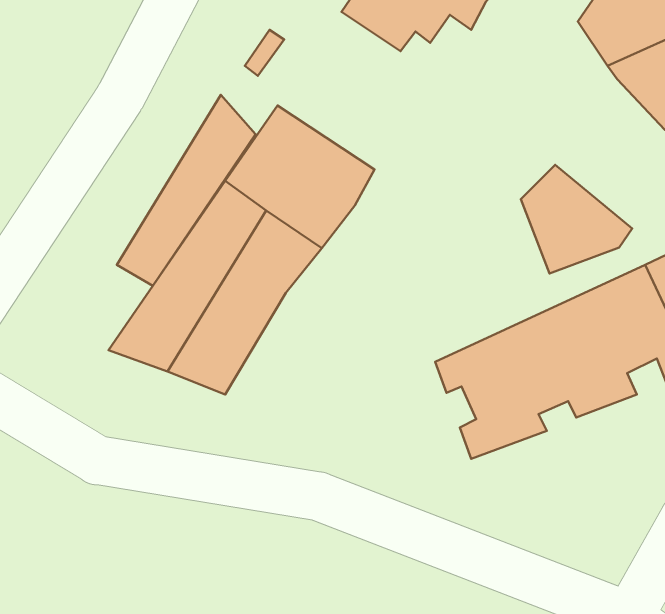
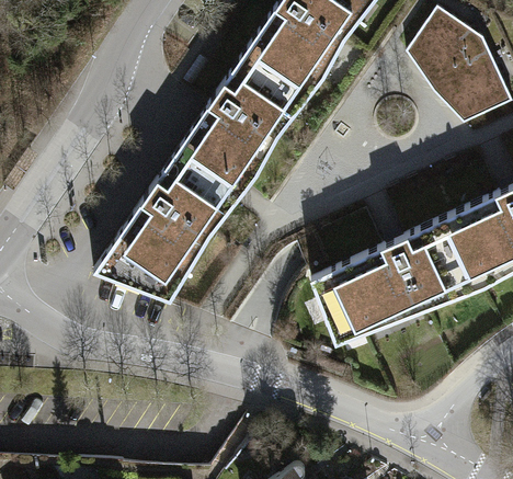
building: none -> [207,44,326,149]
building: [117,95,255,286] -> none
building: [521,165,632,273] -> none

